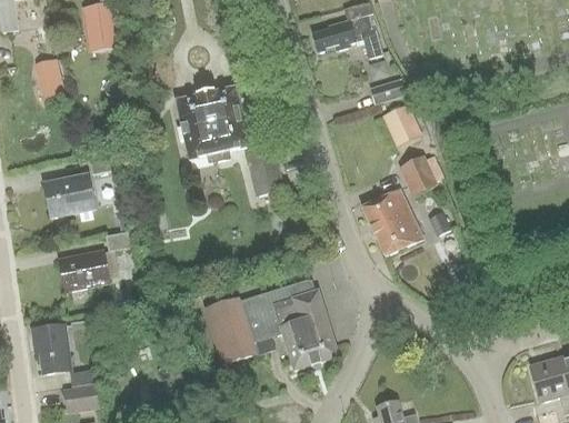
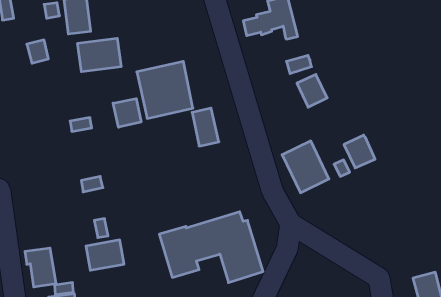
building: none -> [78,38,121,72]
building: none -> [113,99,141,127]
building: [398,154,438,197] -> [344,135,375,168]
building: [44,177,93,218] -> none
building: [60,253,109,292] -> [86,240,124,270]

